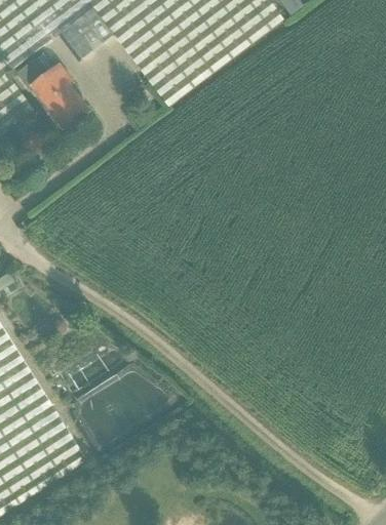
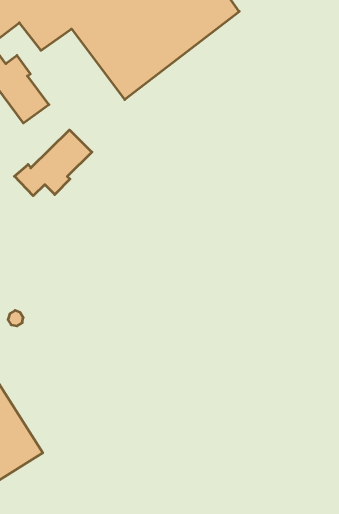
building: none -> [14,130,92,196]

